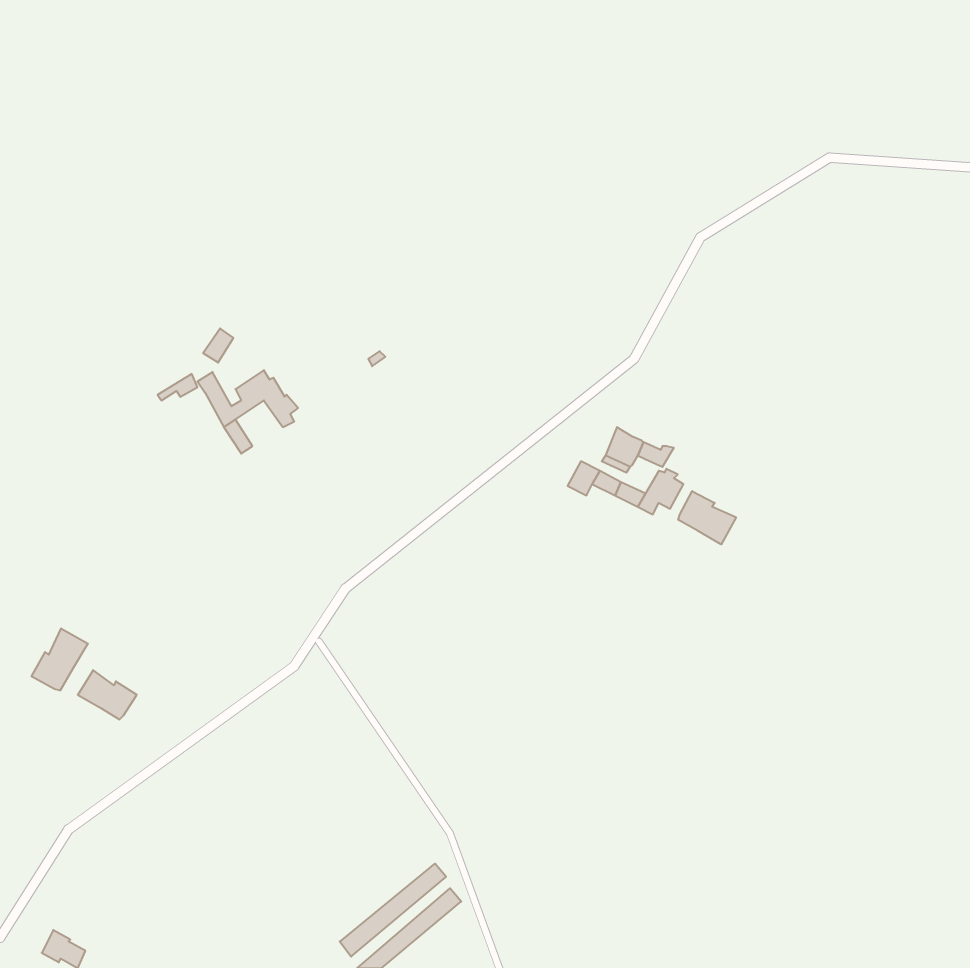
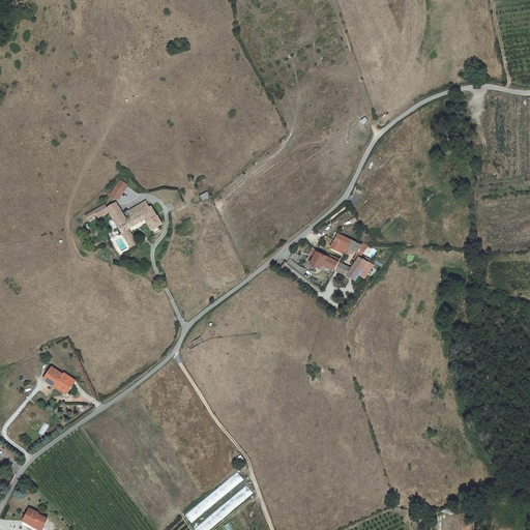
building: [678,491,736,544] -> none
building: [32,628,88,691] -> none

